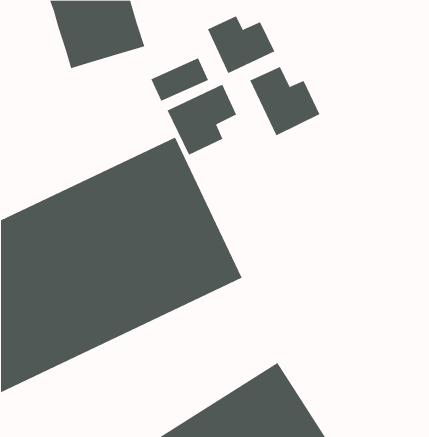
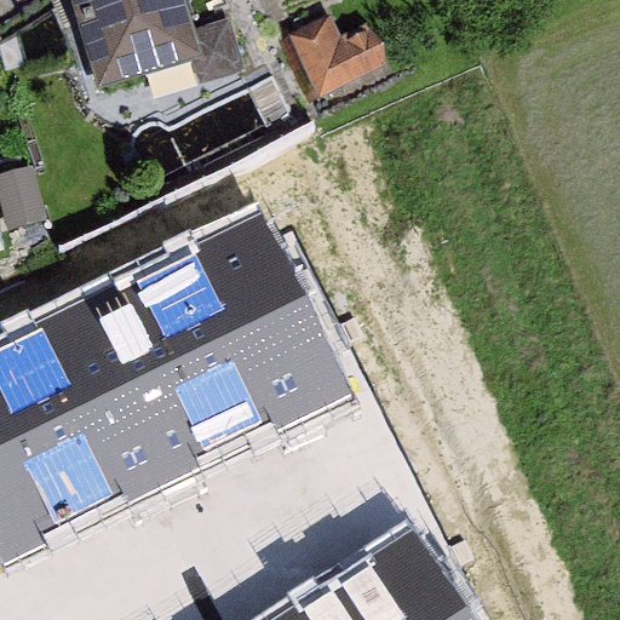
building: [250,66,320,136] -> none
building: [167,84,237,156] -> none

